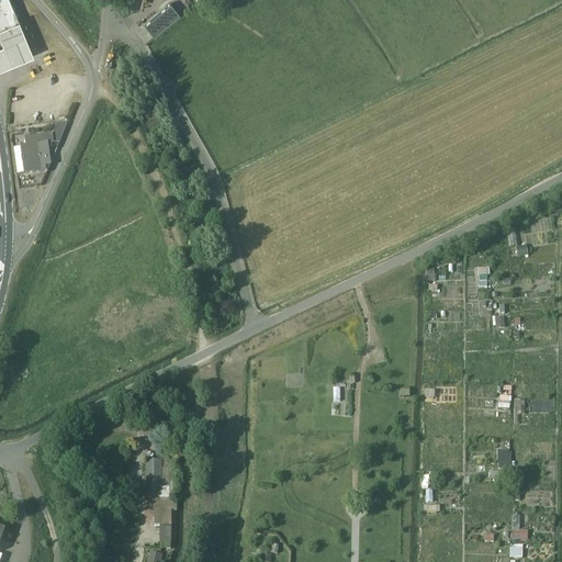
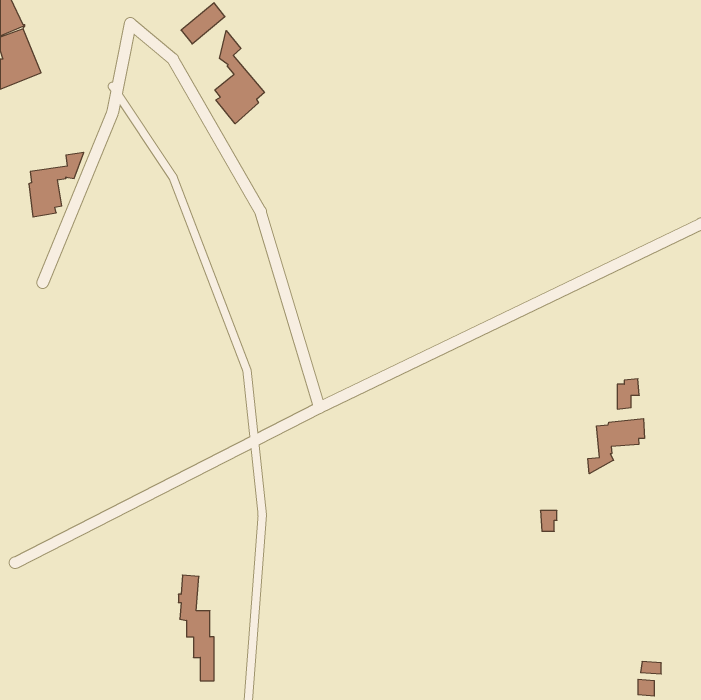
building: none -> [215,31,264,124]
building: none -> [588,419,644,474]

